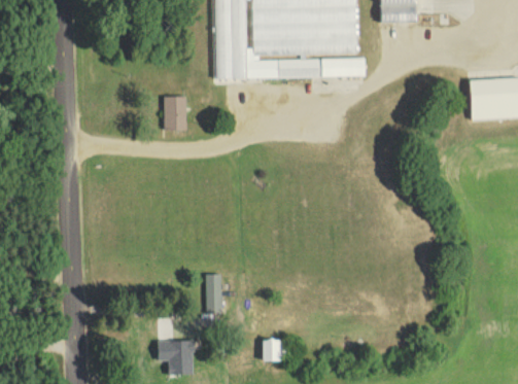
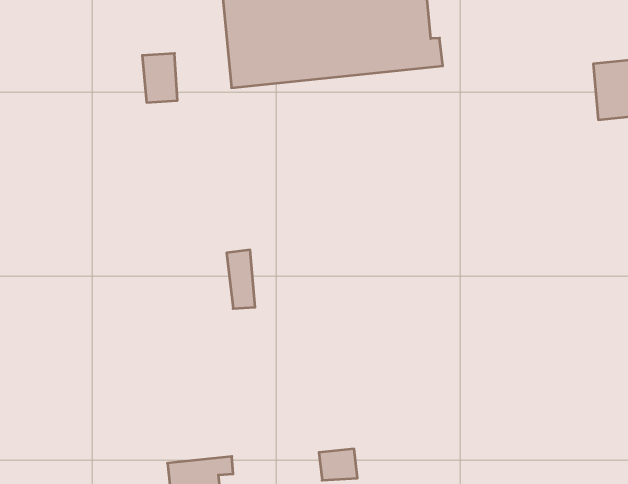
building: [163,96,185,129] -> [142,53,177,102]
building: [205,273,222,313] -> [227,250,255,309]

